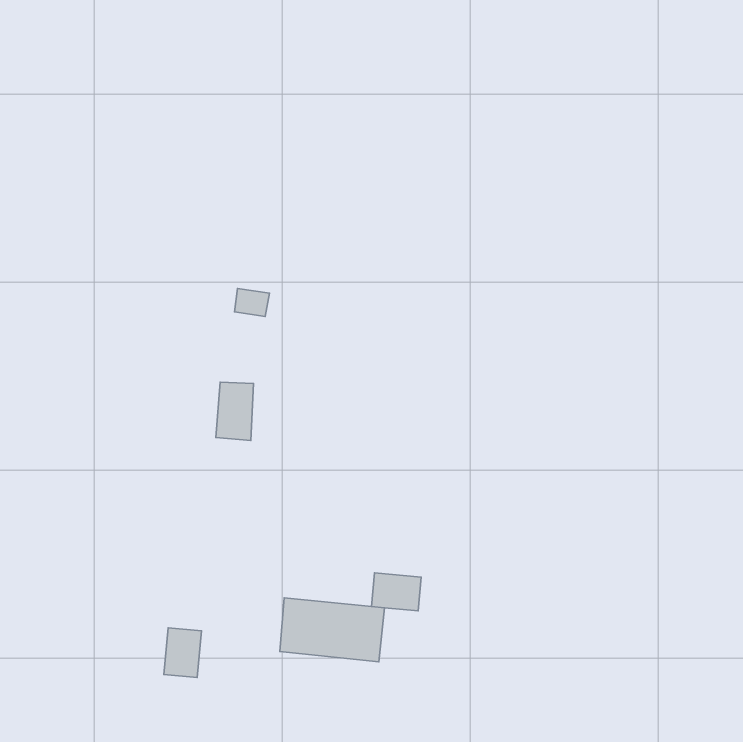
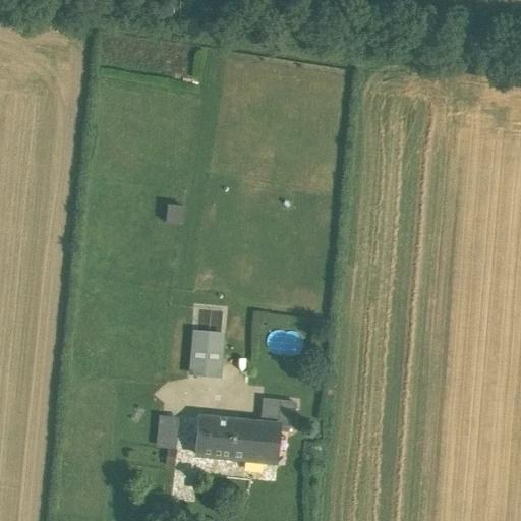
building: [216,382,254,440] -> [192,334,219,374]
building: [164,628,202,677] -> [156,413,182,448]

